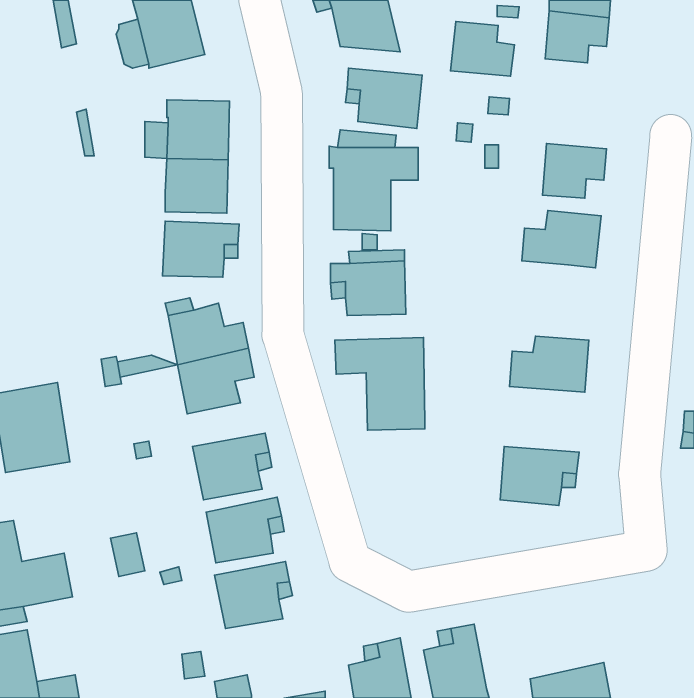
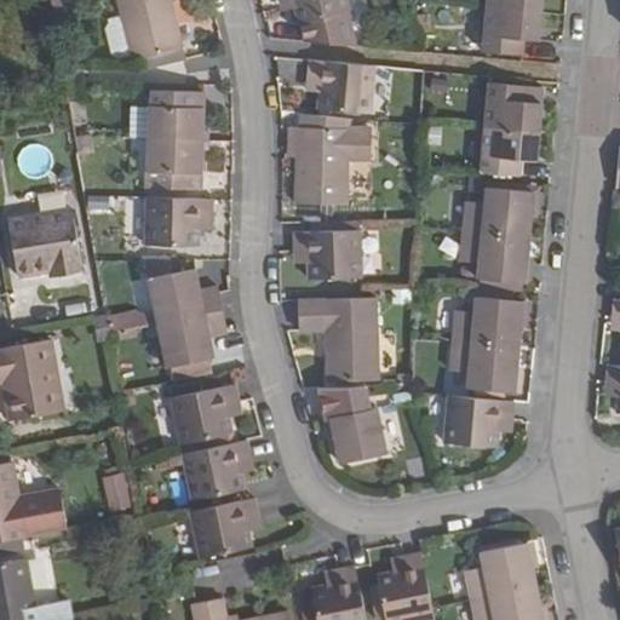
building: [450,22,515,76] -> [484,84,541,132]
building: none -> [7,209,84,277]
building: none -> [459,231,528,282]
building: none -> [449,343,518,392]
building: none -> [321,395,385,464]
building: none -> [464,544,535,602]

